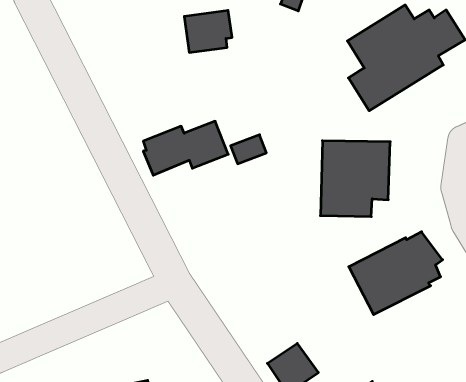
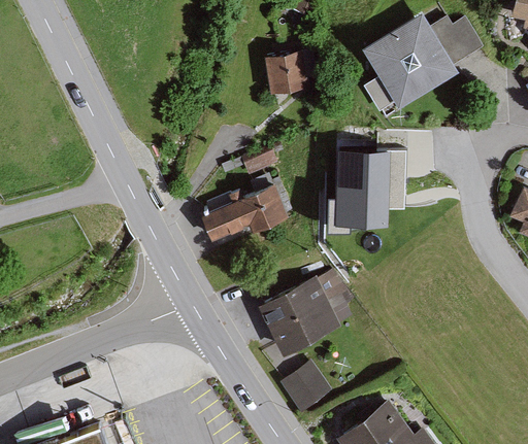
building: [184,10,232,52] -> [265,49,315,93]
building: [143,121,228,175] -> [201,184,289,240]
building: [349,232,443,315] -> [257,269,354,354]

